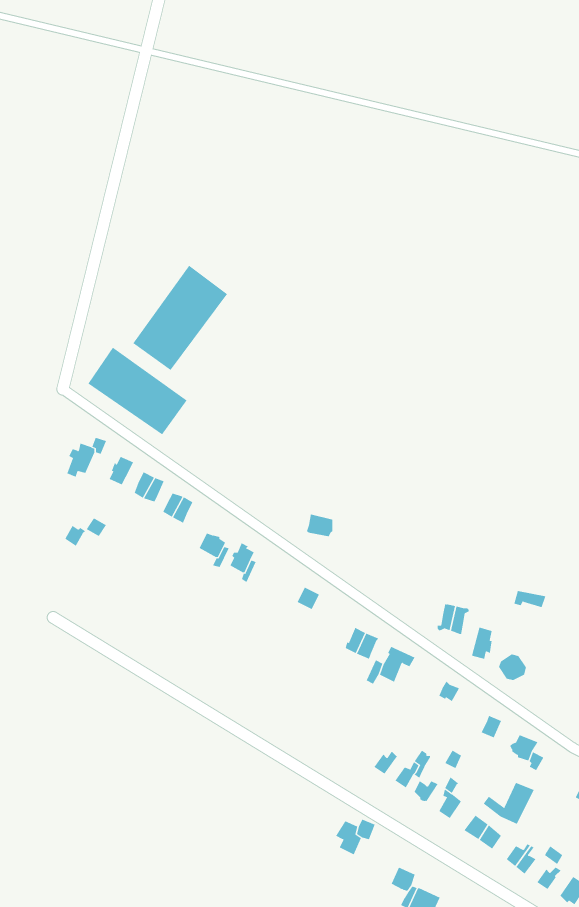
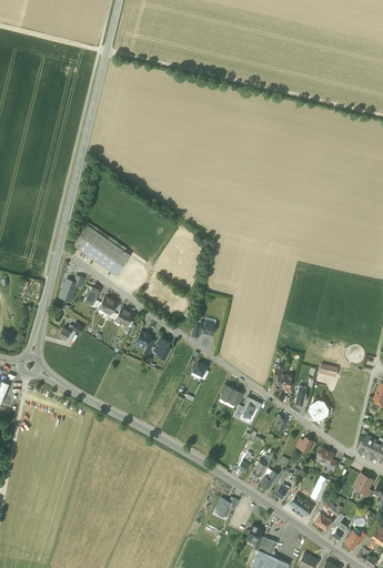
building: [133,265,228,371] -> none

